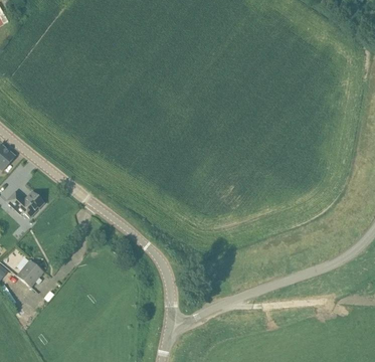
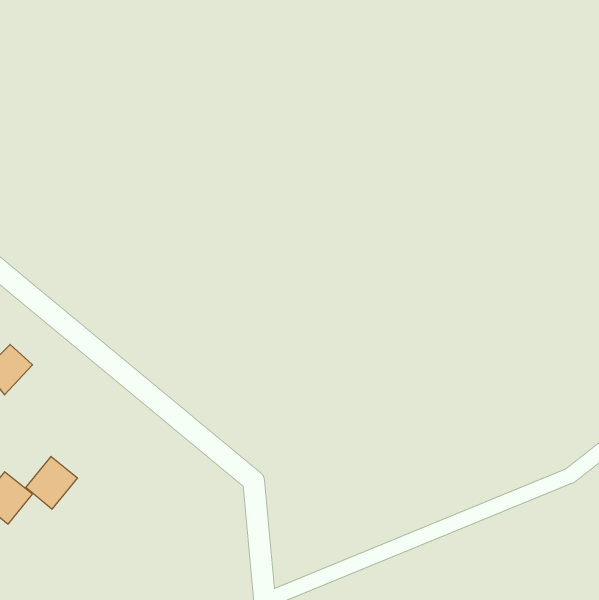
building: none -> [26,456,77,509]

